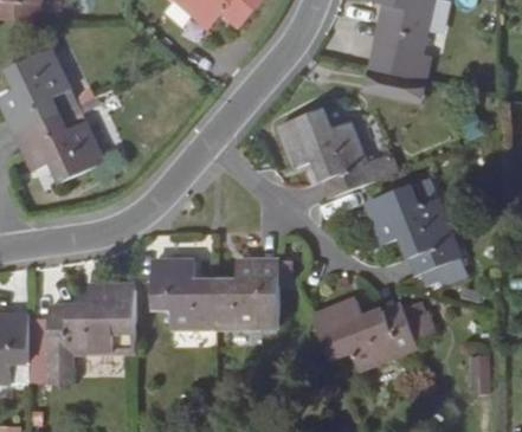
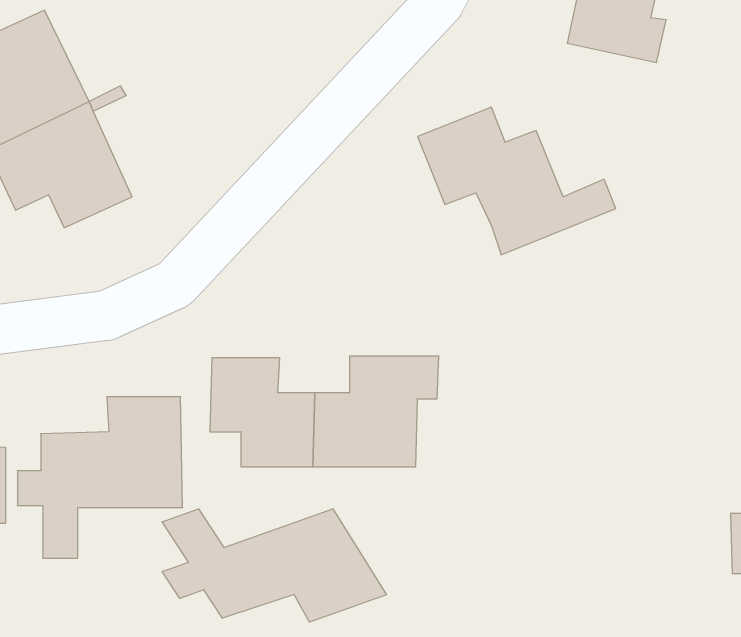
building: [365,178,465,284] -> none
building: [312,298,433,369] -> none
building: none -> [162,509,386,622]

